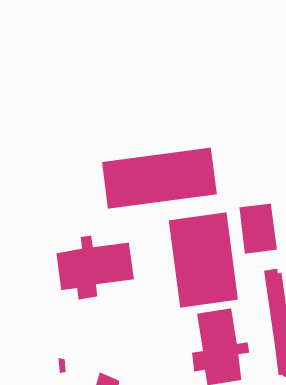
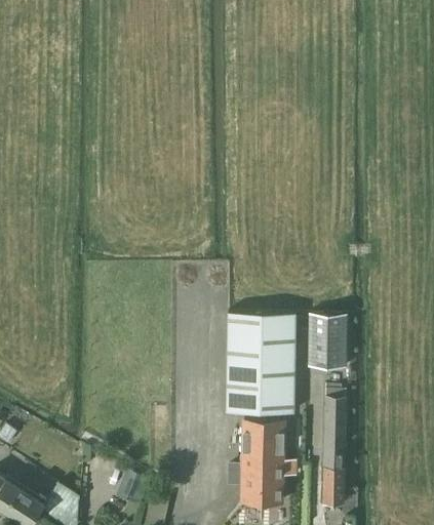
building: [101,147,218,210] -> none
building: [55,235,135,300] -> none

